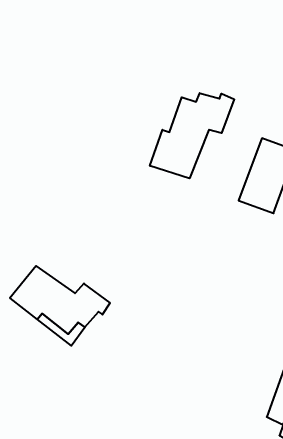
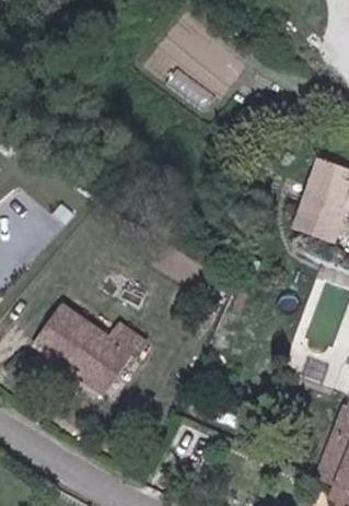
building: [150,93,234,178] -> none

